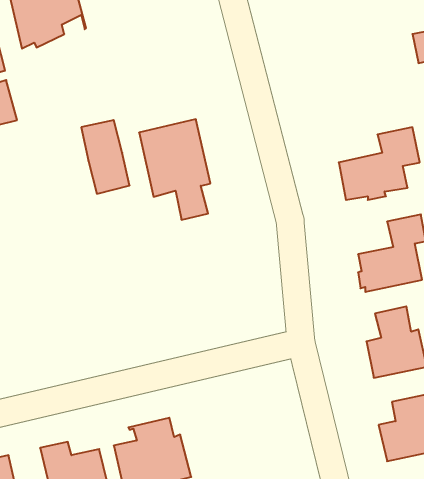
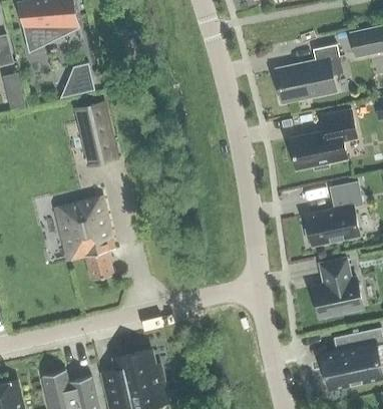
building: none -> [275,45,340,103]
building: none -> [68,64,95,96]
building: [139,119,210,220] -> [55,196,114,280]

